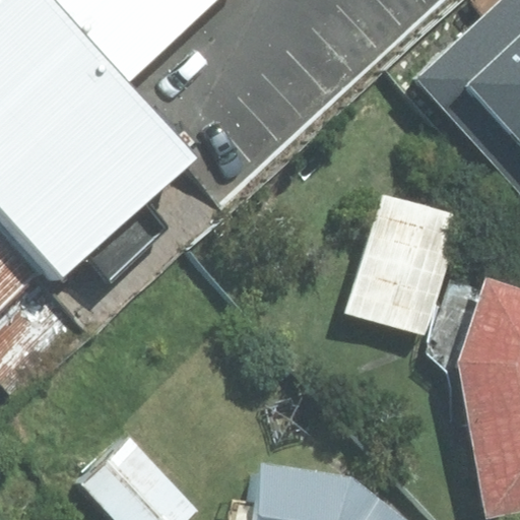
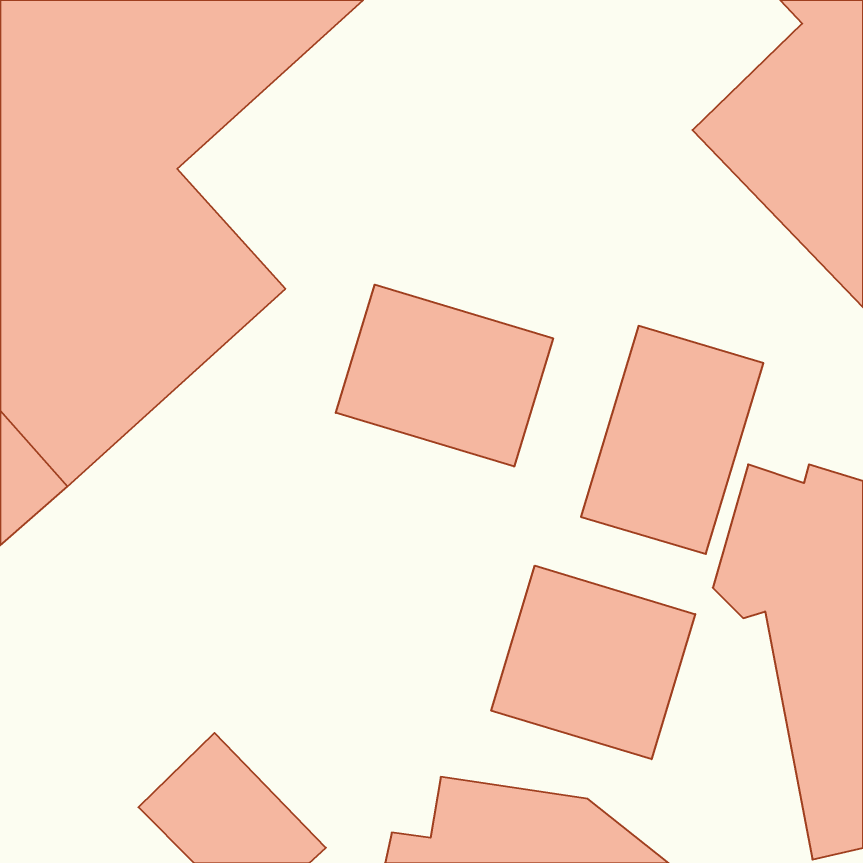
building: none -> [336,285,553,467]
building: none -> [491,566,695,759]

